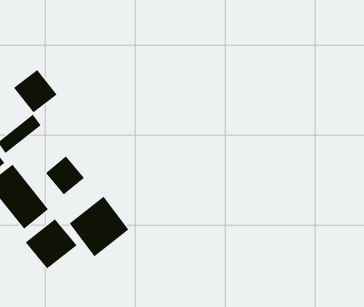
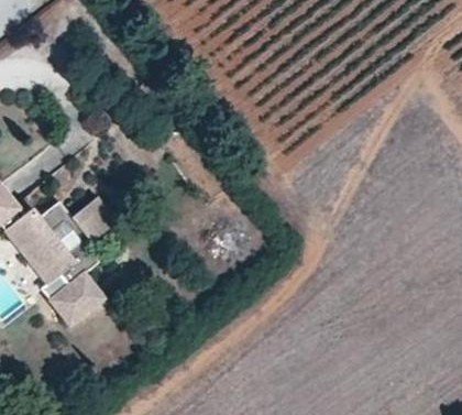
building: [13,69,57,113] -> none
building: [69,196,129,257] -> none

